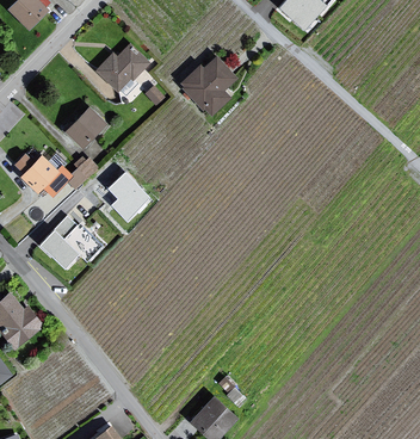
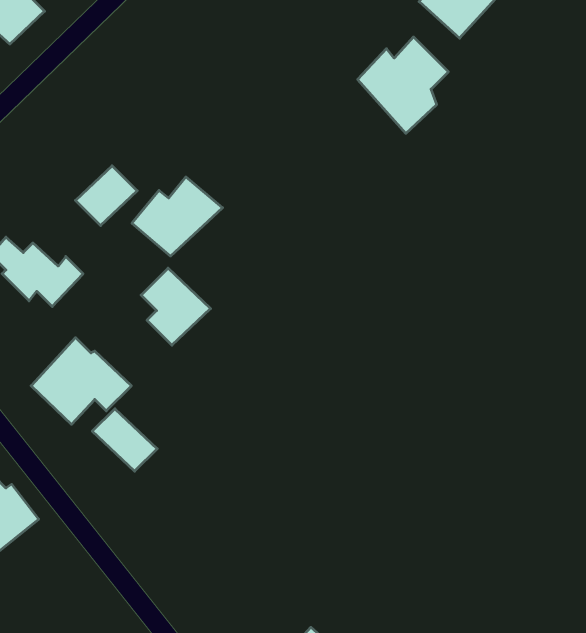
building: [95,43,152,92] -> [132,177,223,256]
building: [180,56,236,116] -> [358,37,448,133]
building: none -> [92,409,157,471]

